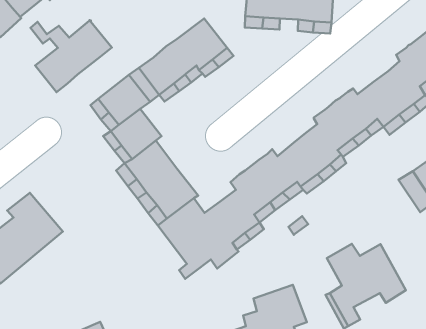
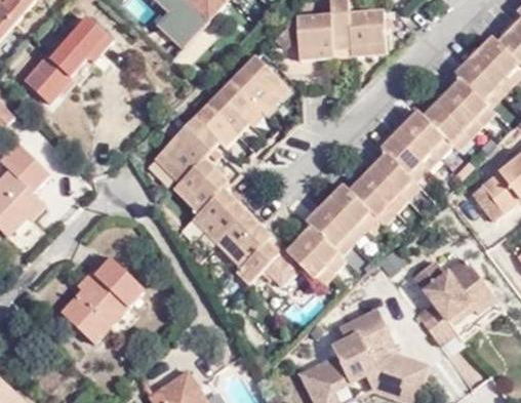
building: [31,20,112,92] -> none

